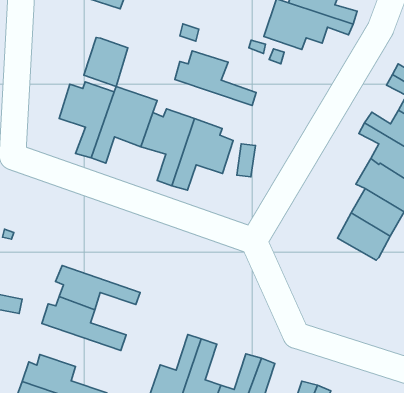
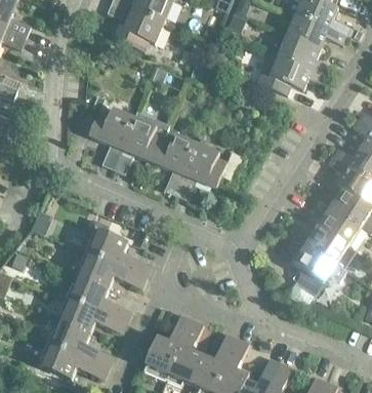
building: [84,37,128,86] -> none
building: [175,51,256,106] -> none
building: none -> [85,219,151,278]
building: none -> [294,245,346,292]
building: none -> [60,298,127,333]

